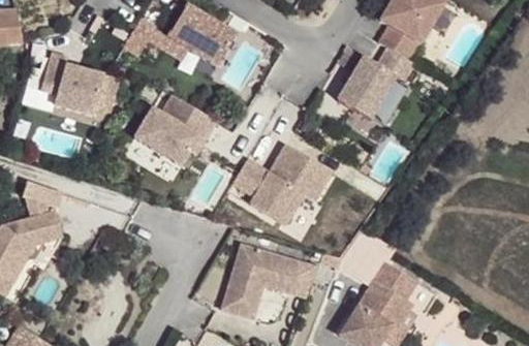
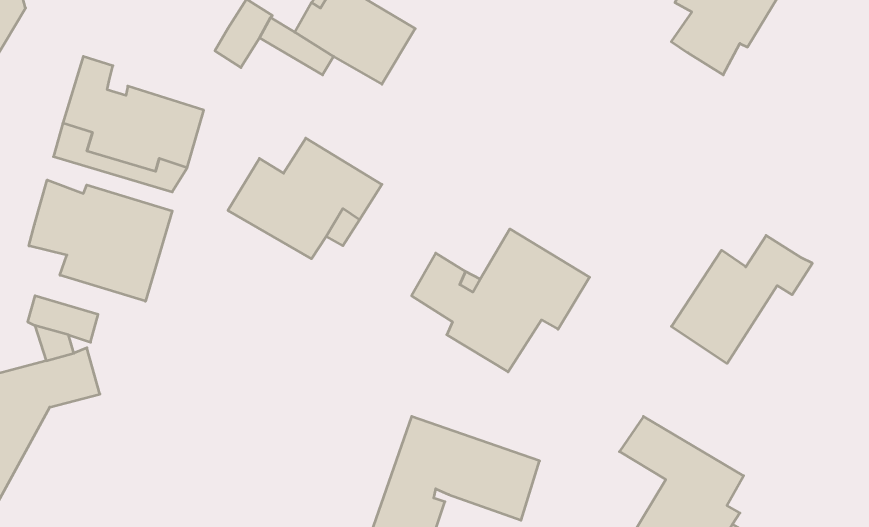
building: [336,46,414,118] -> [671,235,812,363]
building: none -> [29,180,172,301]

